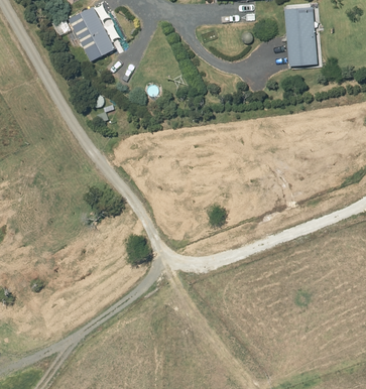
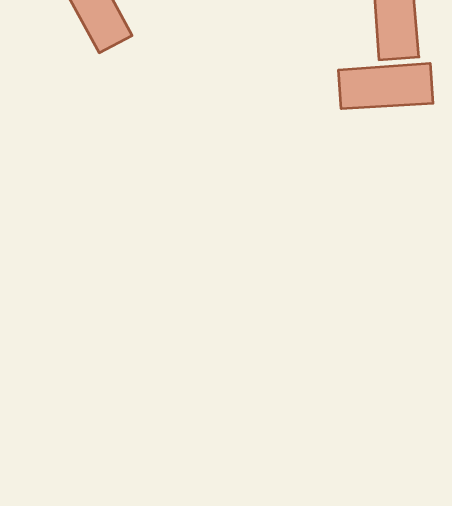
building: none -> [339,63,433,109]

